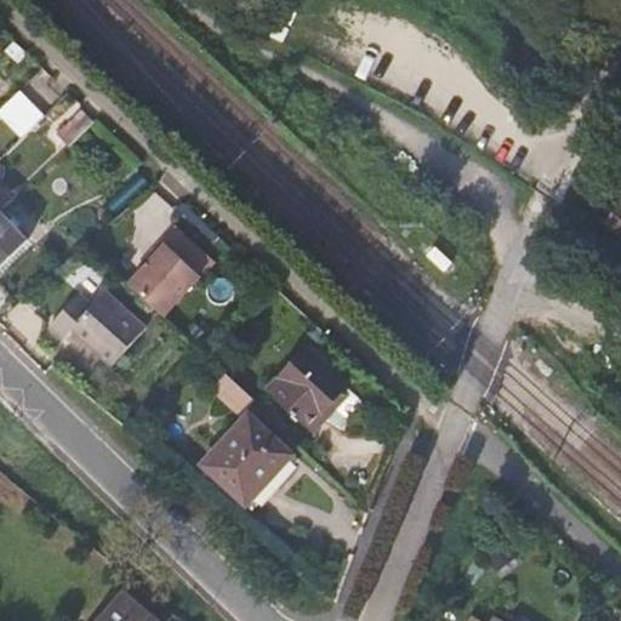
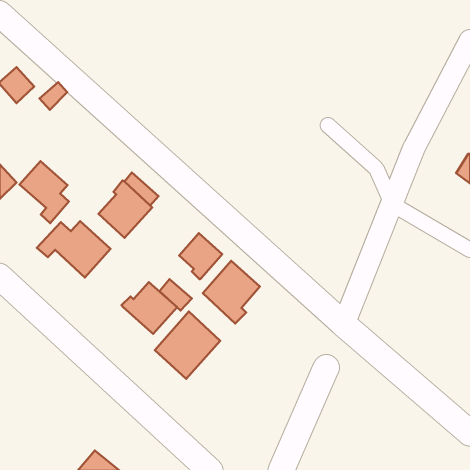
building: none -> [20,161,69,223]
building: none -> [179,233,222,279]
building: none -> [122,282,177,334]

